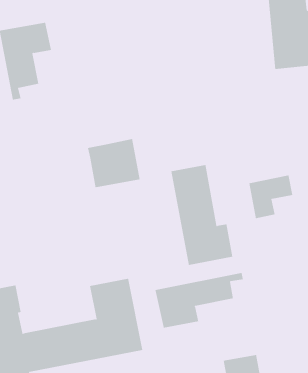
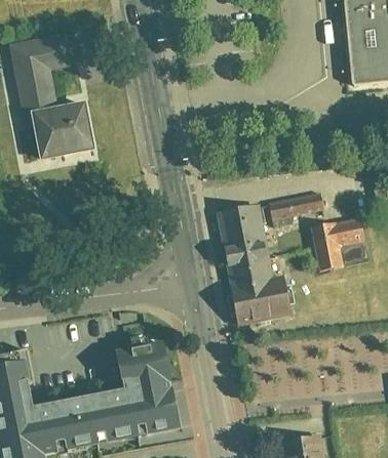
building: [87,139,140,188] -> [32,99,96,159]
building: none -> [269,191,322,218]
building: [155,272,243,328] -> none

